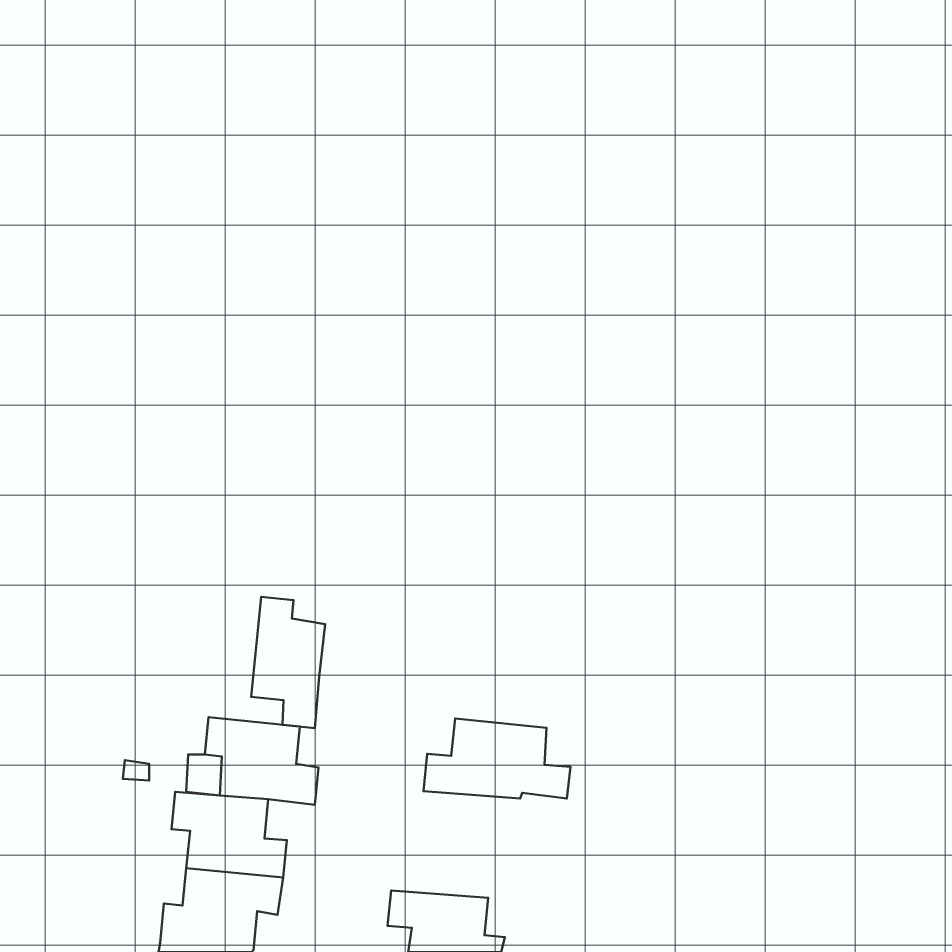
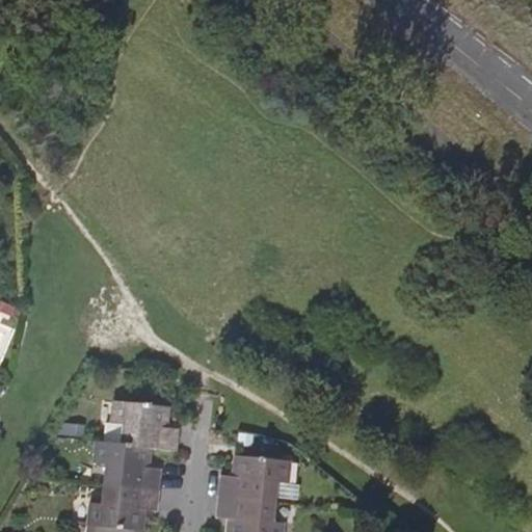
building: [251,597,325,728] -> none
building: [423,718,571,799] -> [218,456,300,501]

